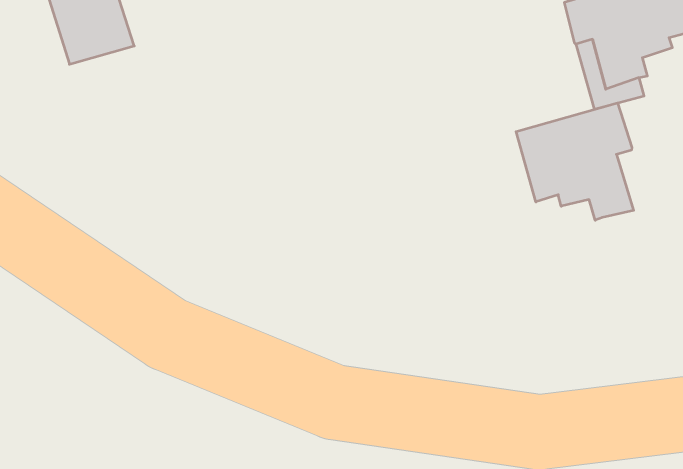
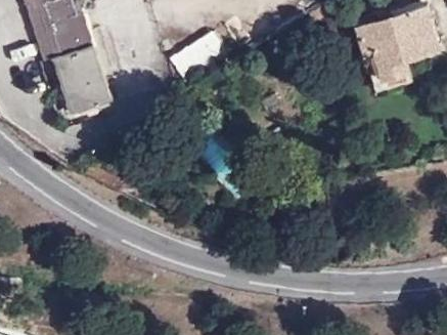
building: none -> [53,52,110,120]
building: [516,103,634,220] -> none

